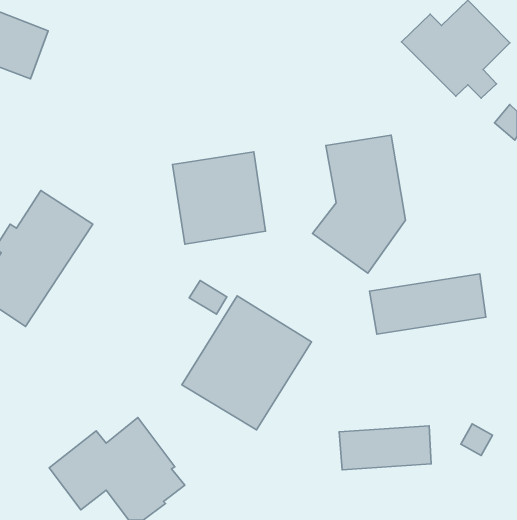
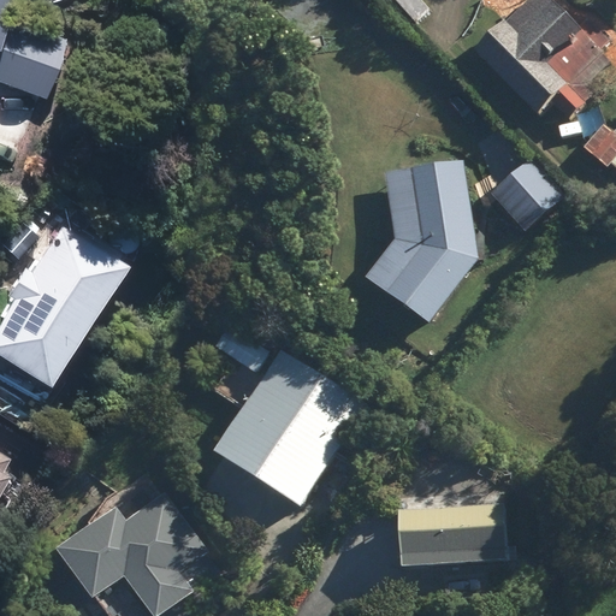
building: none -> [490,155,565,231]
building: [173,152,265,244] -> none
building: [369,274,486,334] -> none

